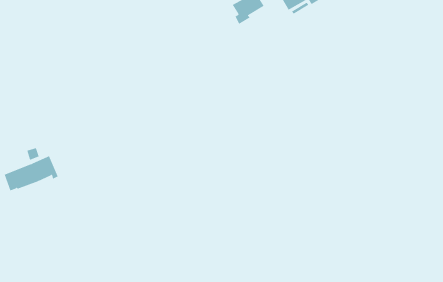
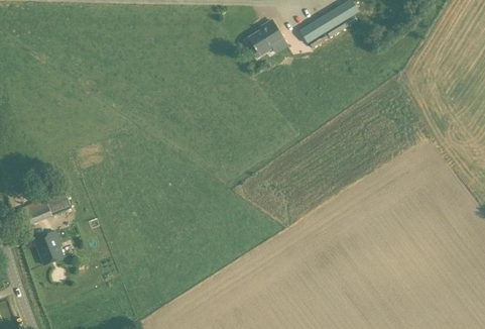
building: none -> [34,231,64,264]

